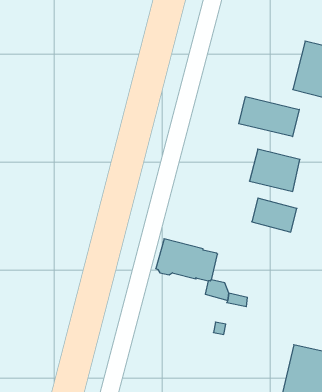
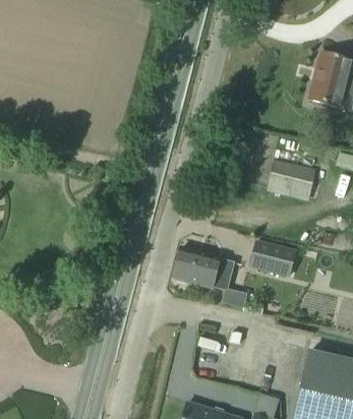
building: [239,97,299,137] -> none
building: [252,198,297,232] -> [250,240,295,274]

